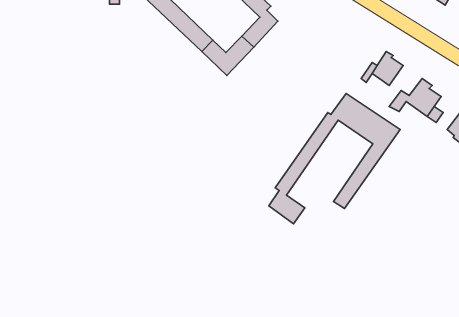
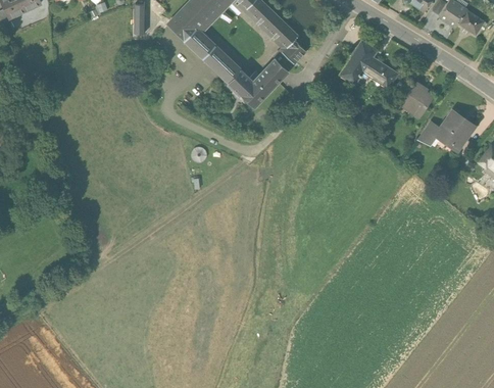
building: none -> [340,42,397,88]
building: [269,93,400,224] -> none

